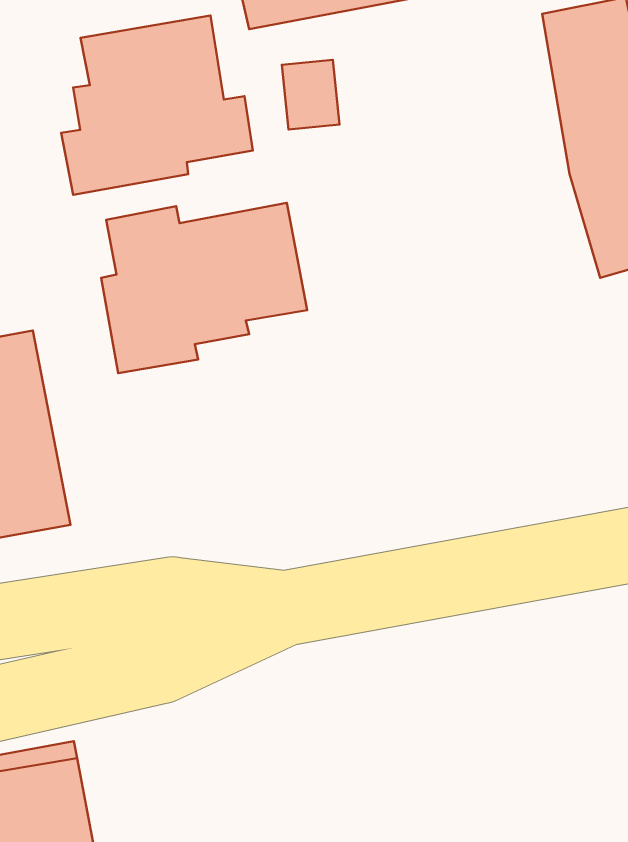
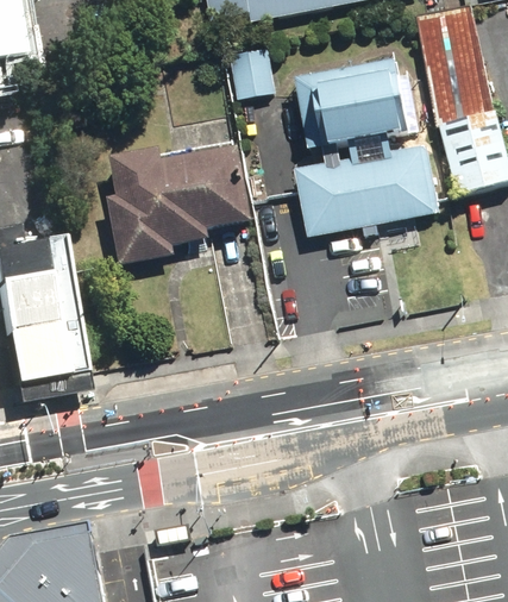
building: [61,16,253,195] -> none
building: none -> [282,42,425,220]

